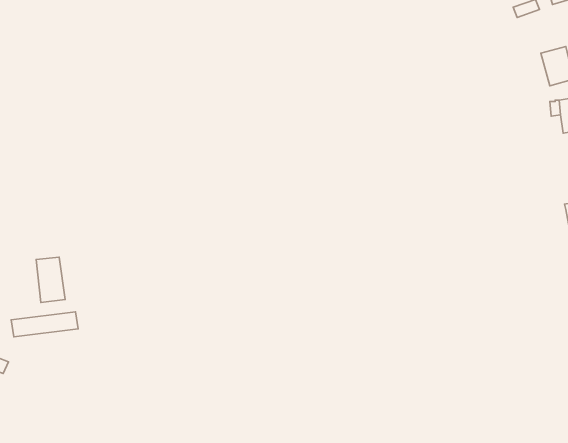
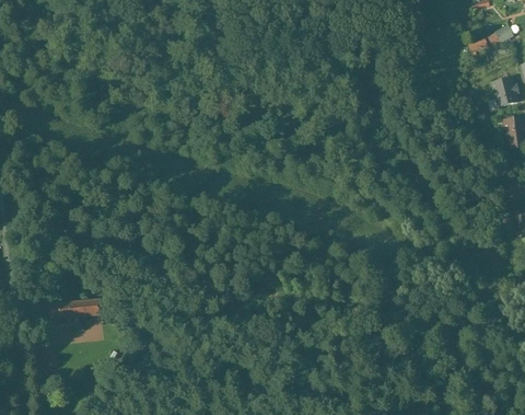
building: [36,257,65,303] -> none

